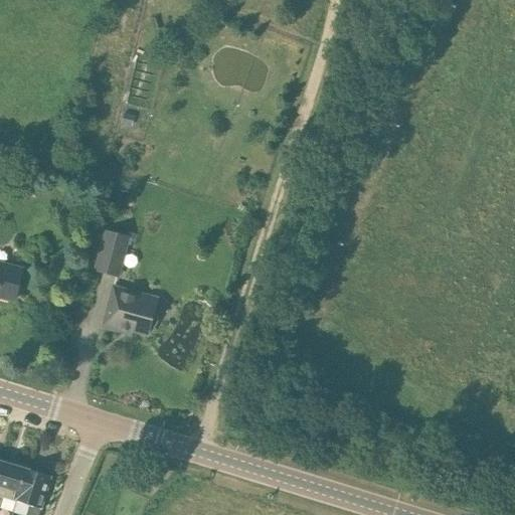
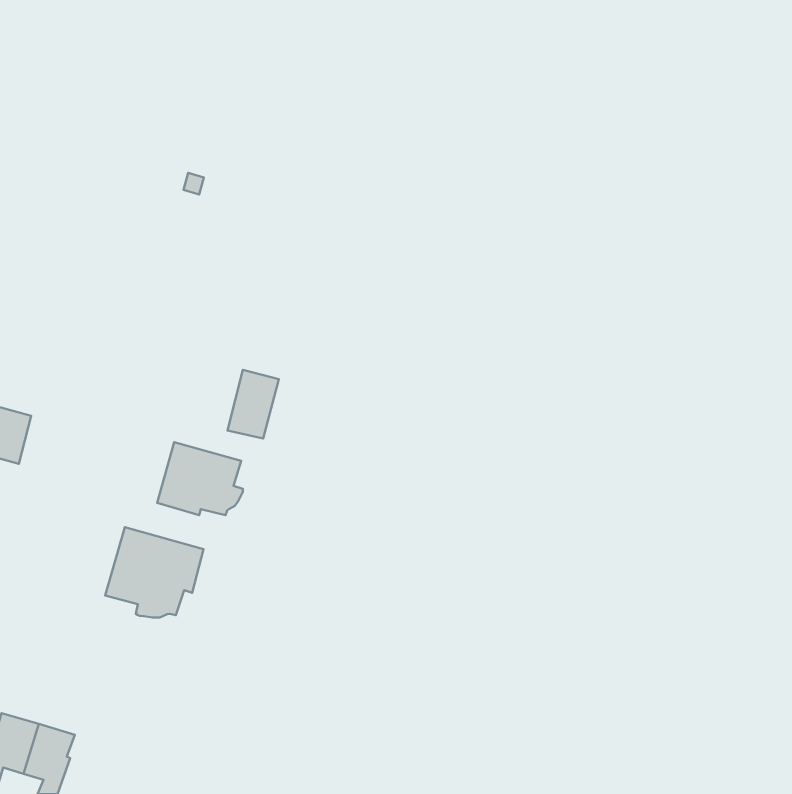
building: [94,231,127,276] -> [227,370,279,438]
building: none -> [105,527,204,618]

